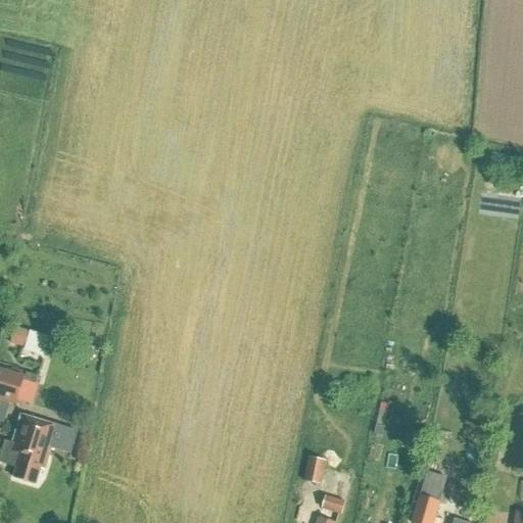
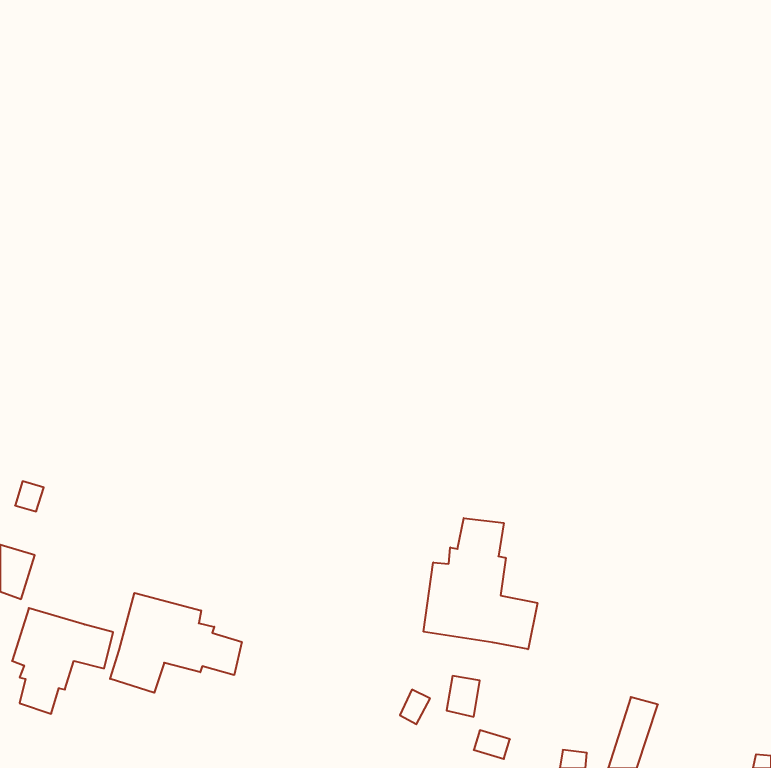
building: none -> [424,518,537,649]
building: none -> [110,593,242,693]

